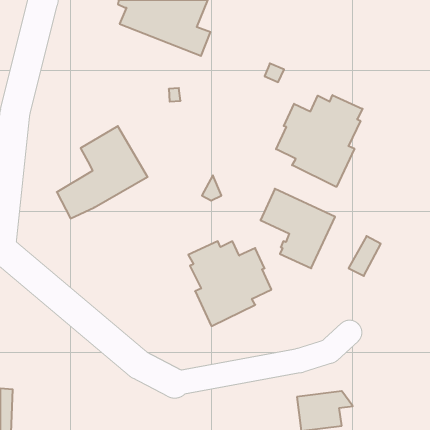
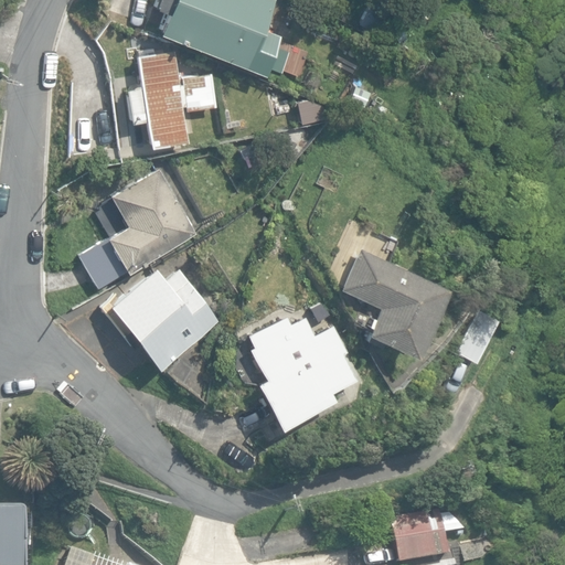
building: none -> [128,53,217,148]
building: [276,95,363,187] -> none
building: none -> [110,269,221,370]

